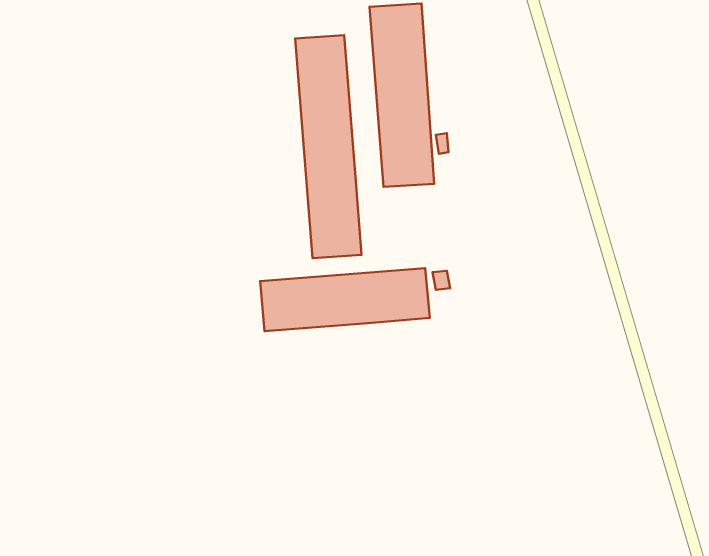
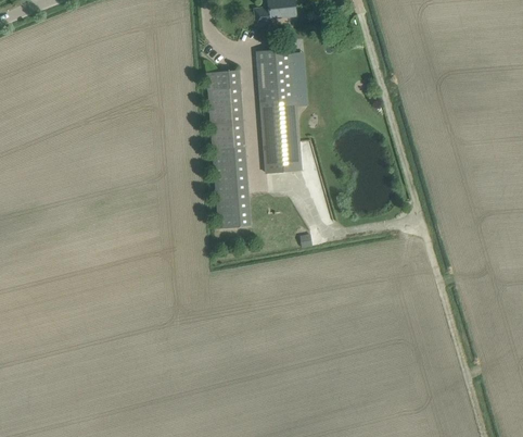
building: [260,268,430,331] -> none

